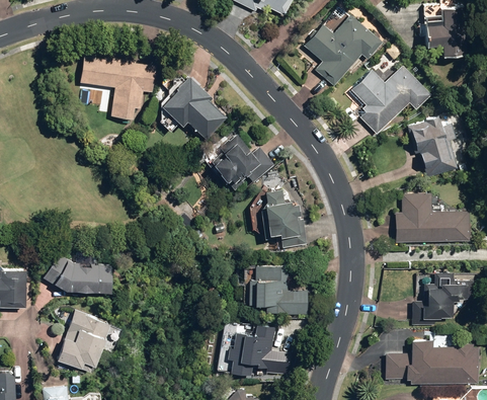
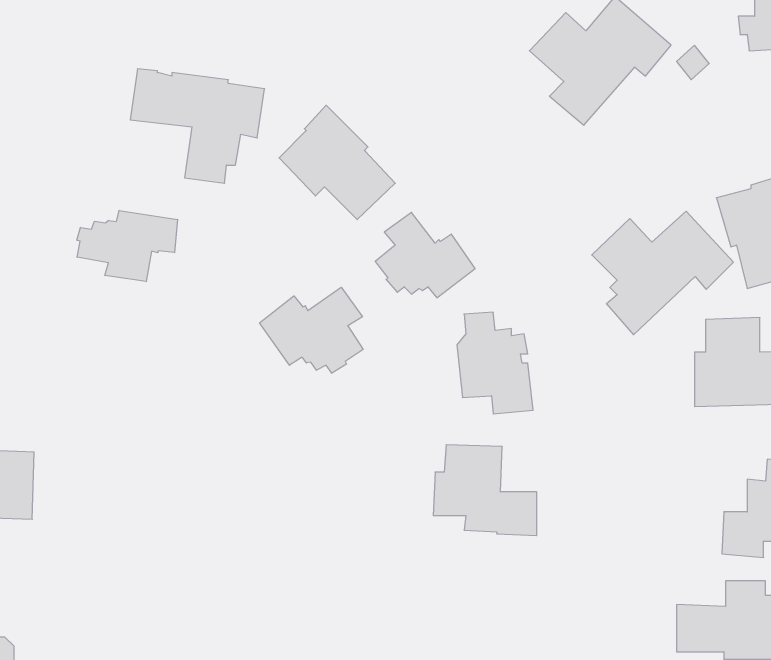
building: [351,66,430,135] -> [592,211,733,335]
building: none -> [77,210,178,282]
building: none -> [260,287,363,373]
building: [43,254,114,291] -> none
building: [55,309,111,373] -> none
building: [228,324,291,377] -> none

